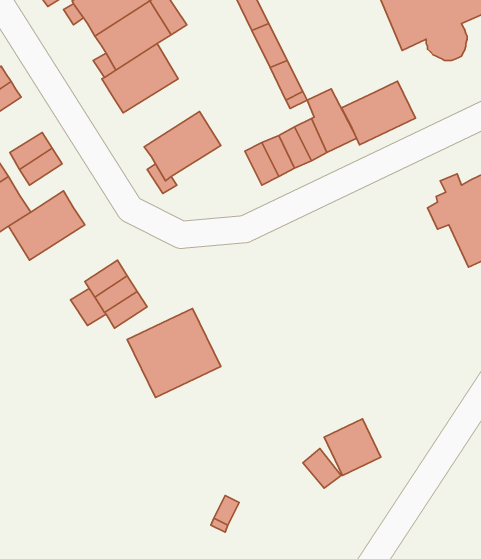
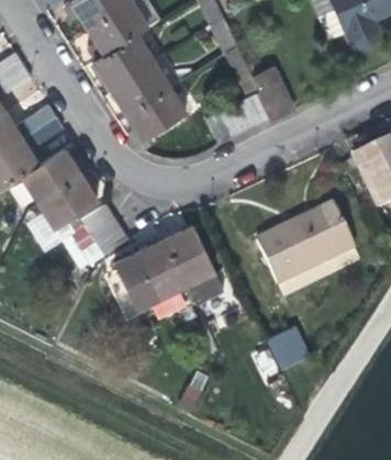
building: none -> [111,61,170,114]
building: [342,81,416,145] -> none
building: none -> [38,175,99,228]
building: none -> [257,203,356,282]
building: none -> [165,225,225,304]

